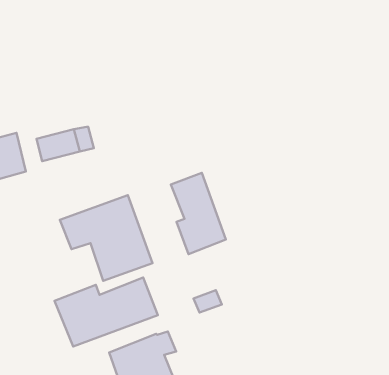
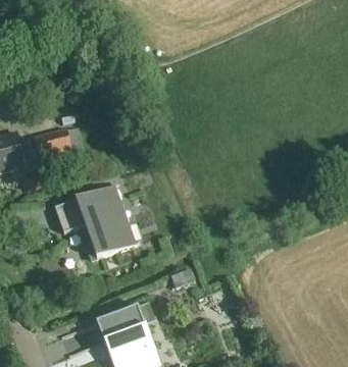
building: [171,173,226,254] -> none
building: [54,277,158,346] -> none

